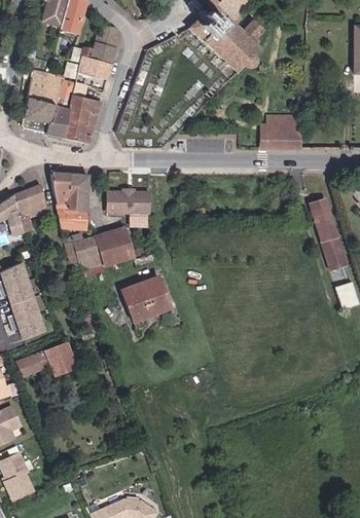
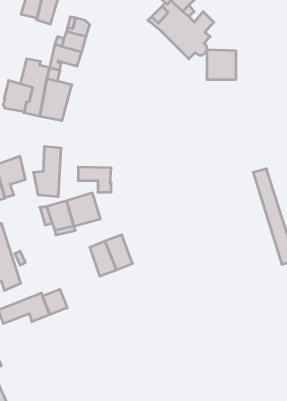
building: [28,69,48,101] -> none
building: [268,114,302,148] -> [207,50,236,79]
building: [51,172,69,202] -> none
building: none -> [43,289,67,314]

